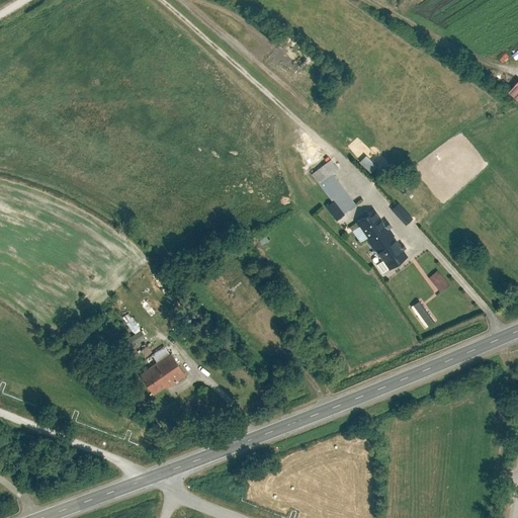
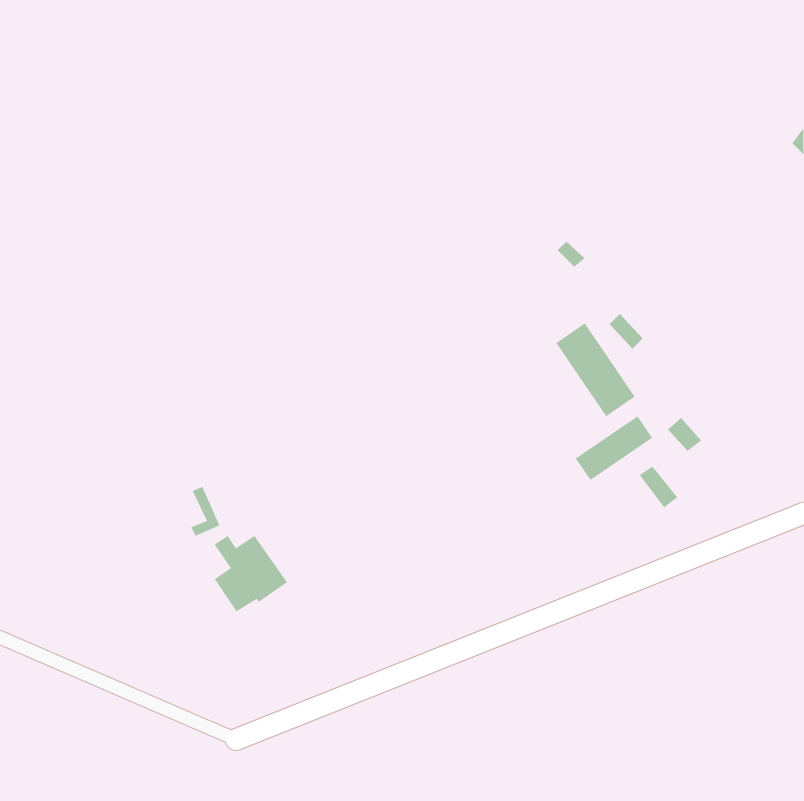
building: [312,160,357,222] -> none
building: none -> [575,415,653,481]

